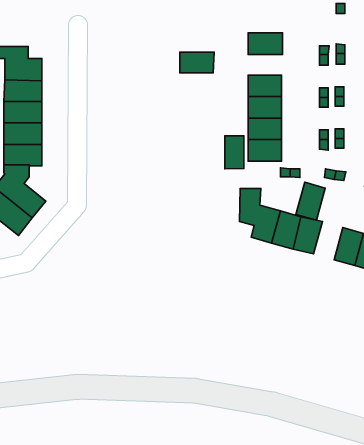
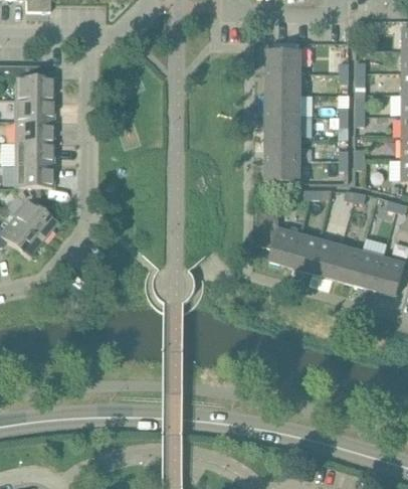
building: [180,52,214,73] -> [265,71,300,93]
building: [225,136,244,169] -> none
building: [296,182,325,220] -> [333,243,363,283]

